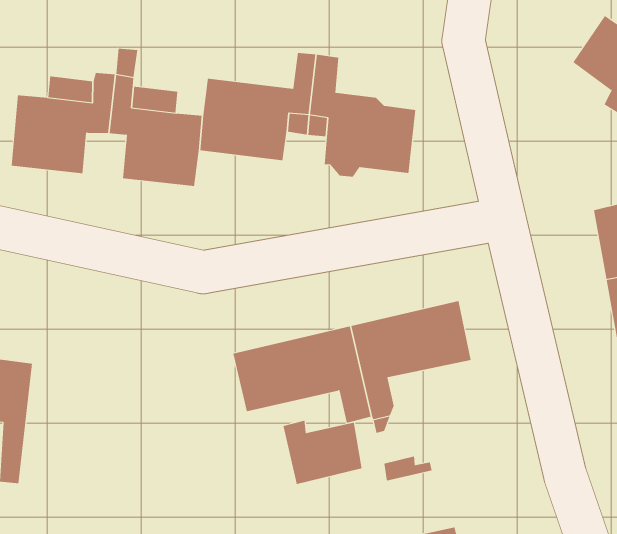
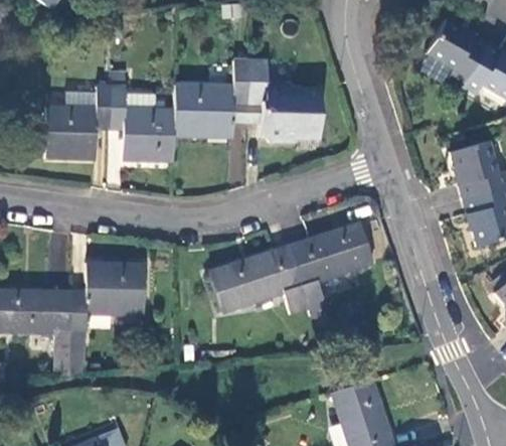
building: none -> [70,264,145,376]
building: [283,420,362,485] -> none

